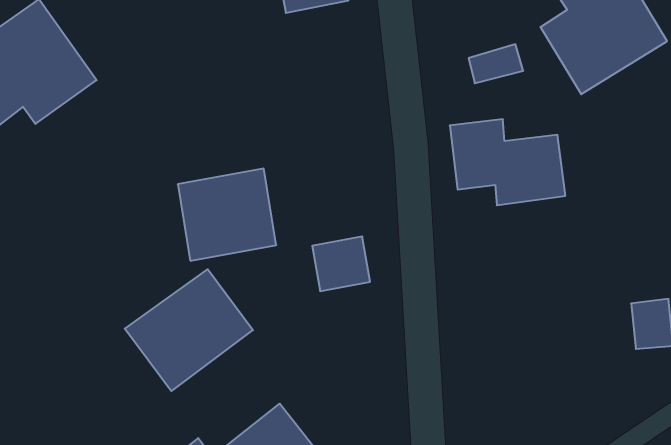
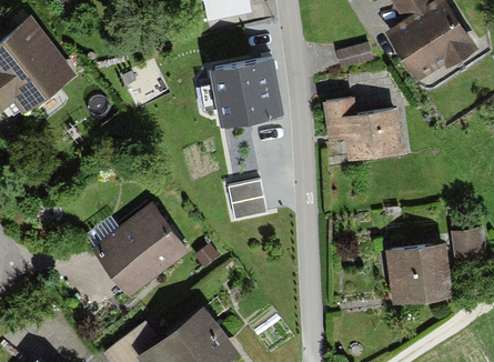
building: [178,169,276,261] -> [211,61,281,127]
building: none -> [387,243,450,300]

